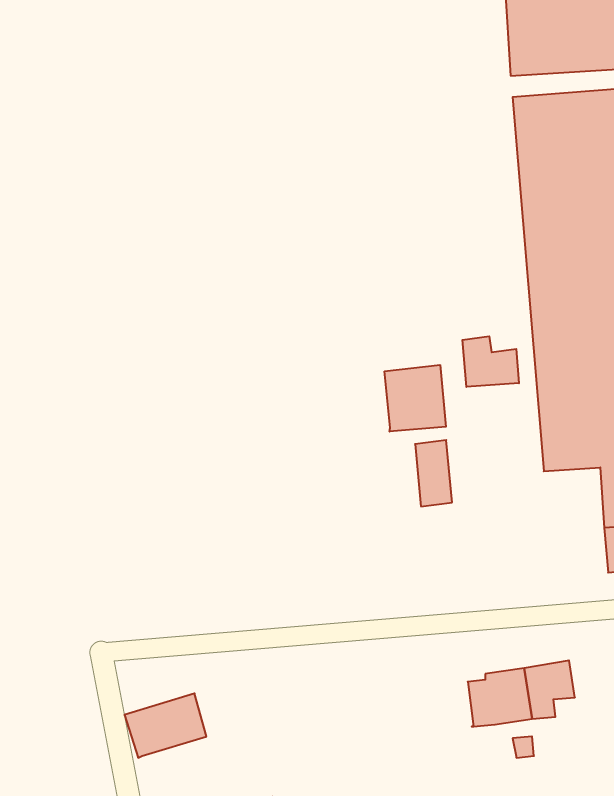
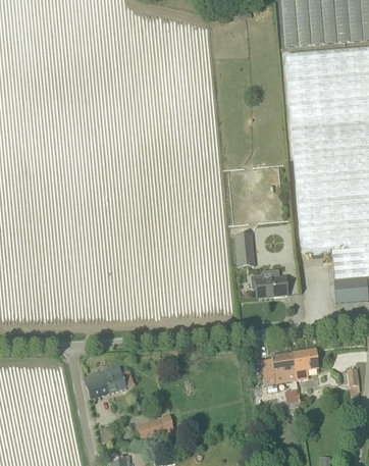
building: [462,336,519,387] -> none
building: [385,365,446,432] -> none
building: none -> [251,274,286,297]

